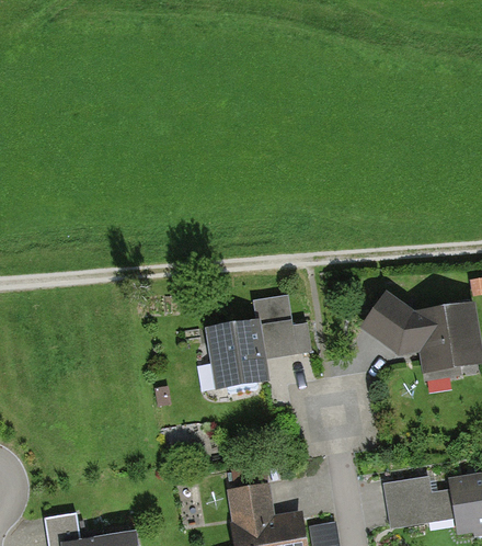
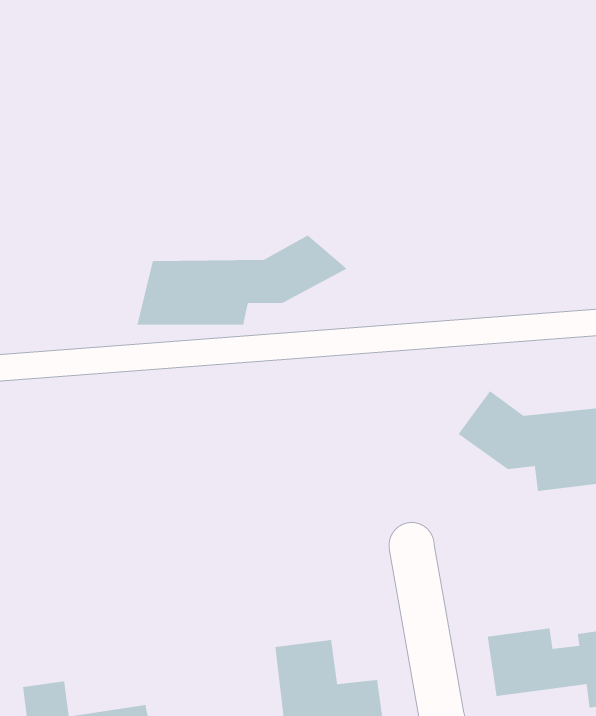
building: none -> [137,235,348,326]
building: [207,297,291,385] -> none

